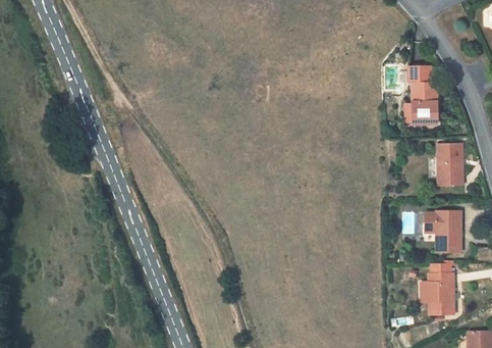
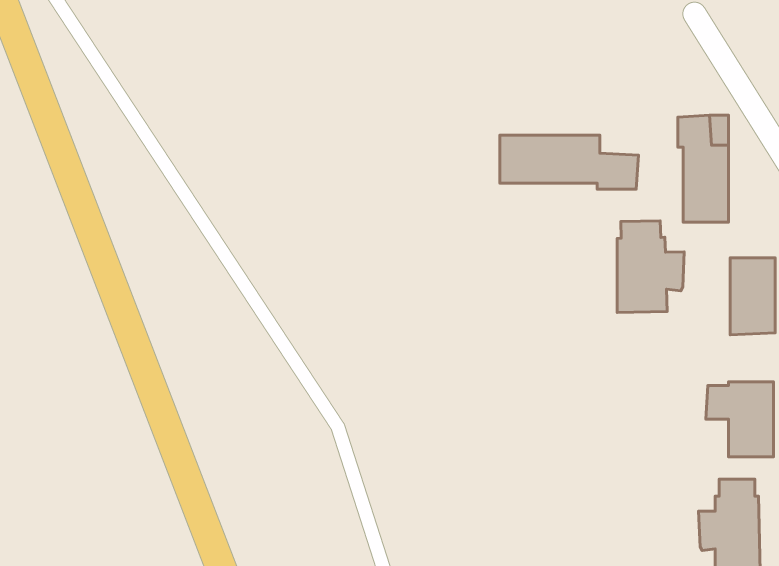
building: none -> [500,135,639,189]
building: none -> [617,221,684,313]

